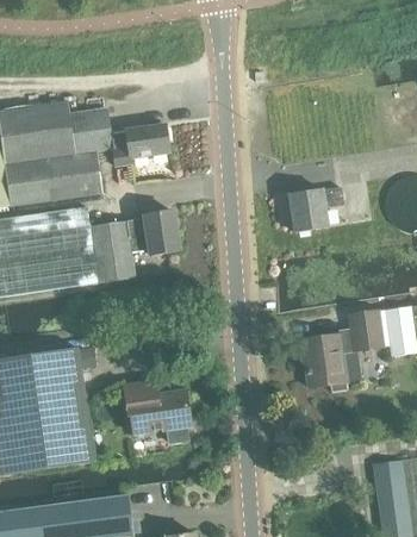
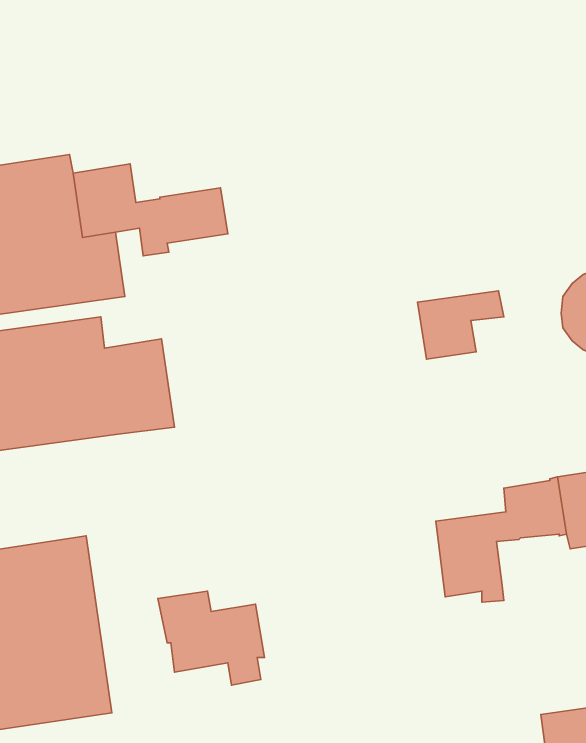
building: [127,213,180,254] -> none

